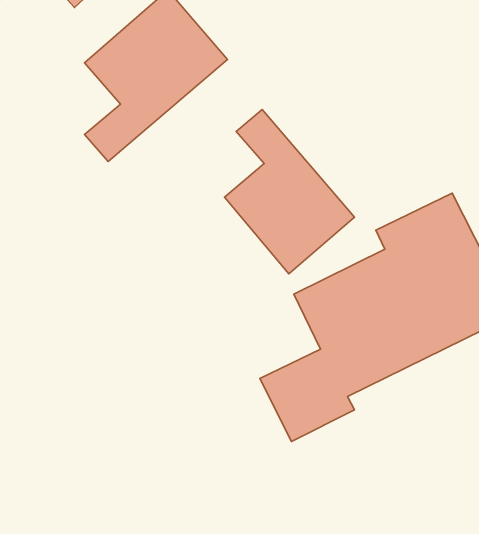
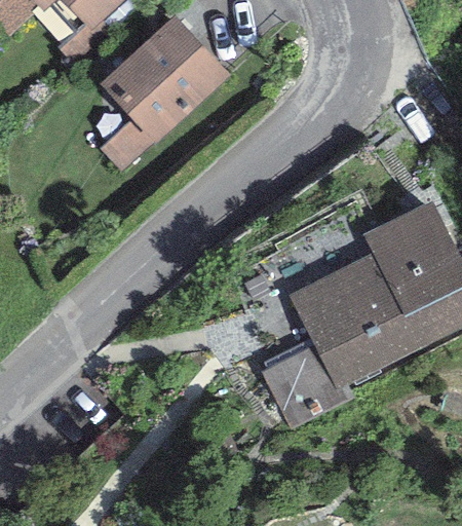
building: [225,110,355,274] -> none

